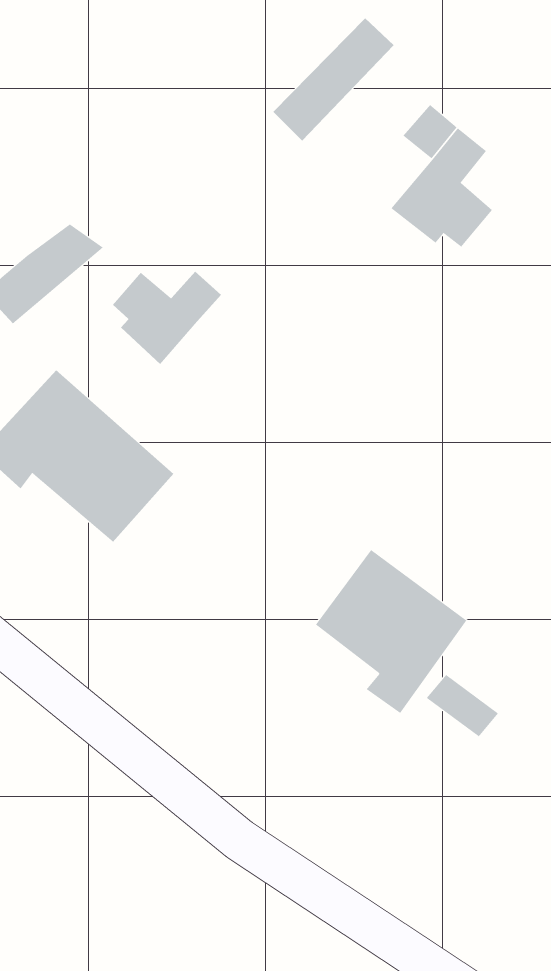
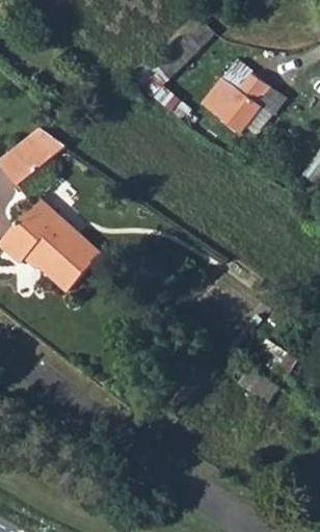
building: [112,271,222,365] -> none
building: [315,549,467,714] -> none

